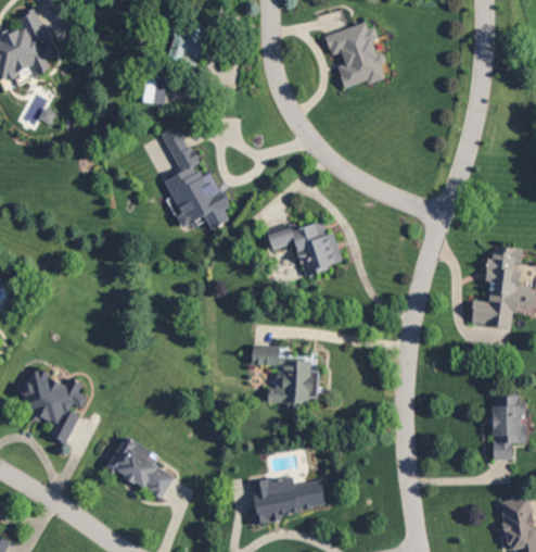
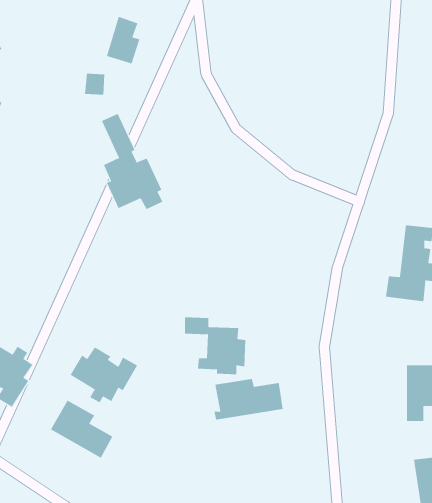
building: [324,23,387,88] -> none
building: [267,219,343,275] -> none
building: none -> [70,346,138,403]
building: [250,476,326,522] -> [213,378,283,420]

